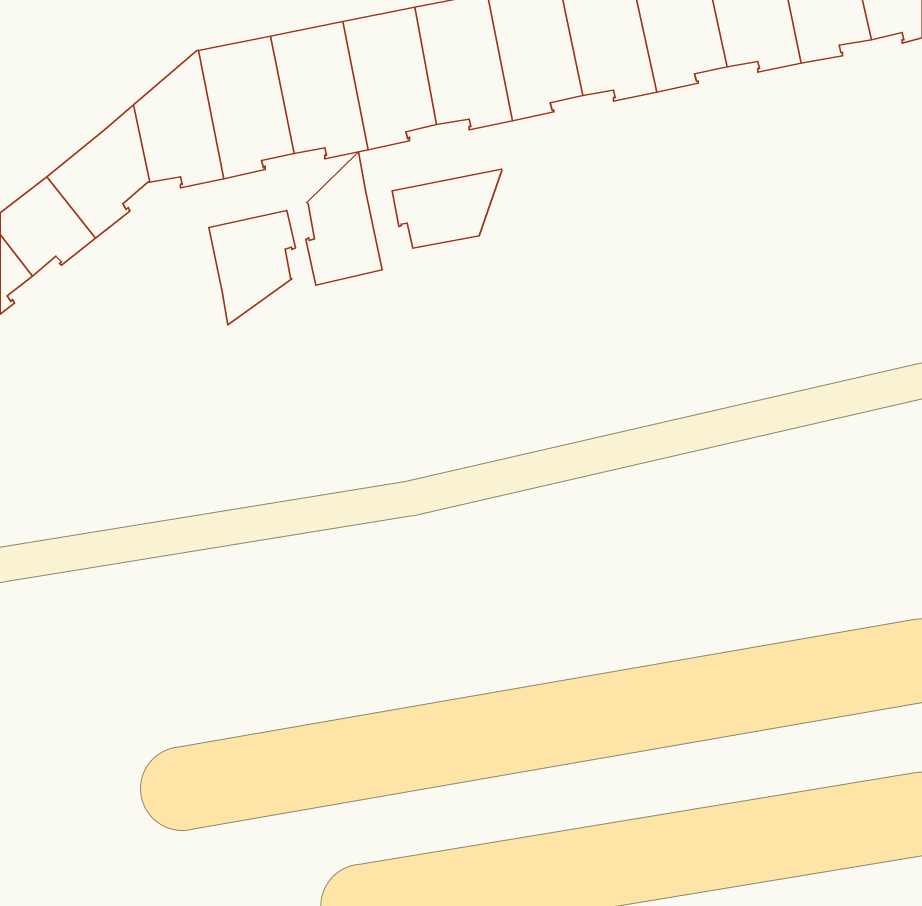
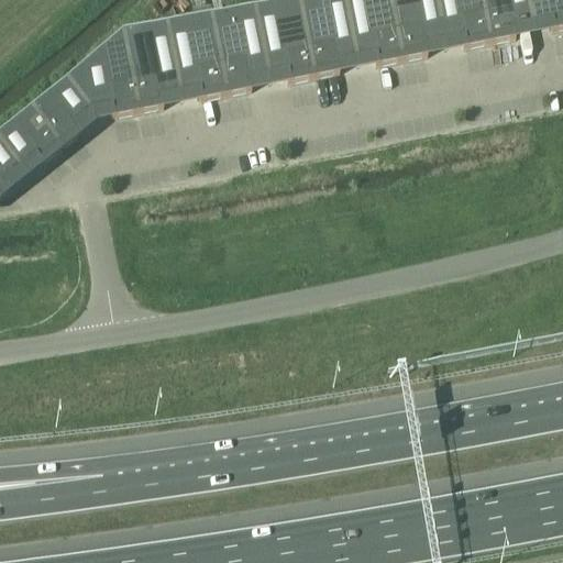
building: [306,152,382,285] -> none
building: [392,169,502,248] -> none
building: [209,210,295,325] -> none

